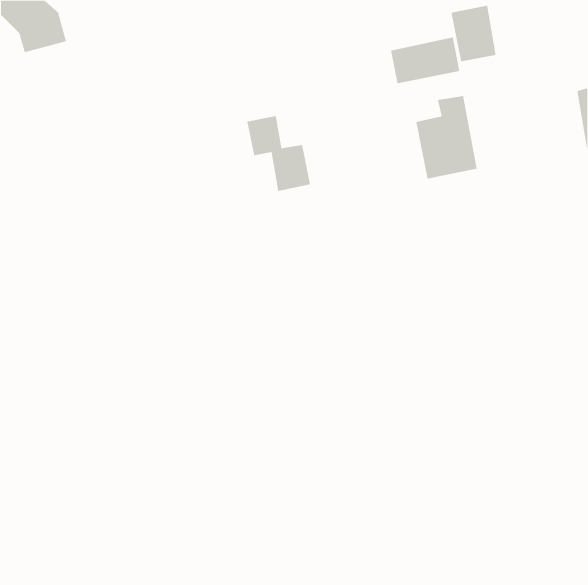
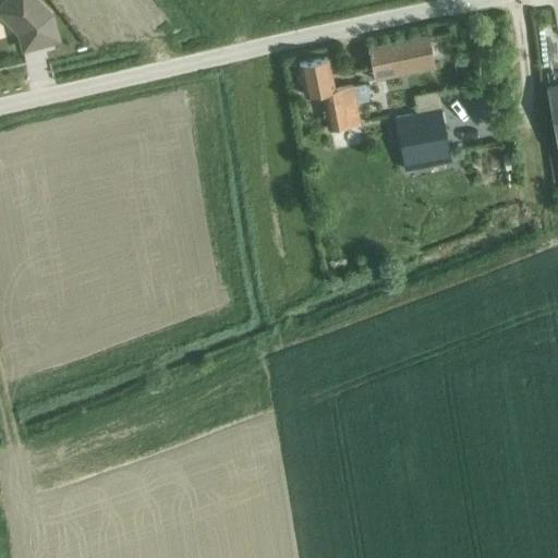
building: [451,5,496,62] -> none
building: [247,116,311,192] -> [300,59,361,131]

